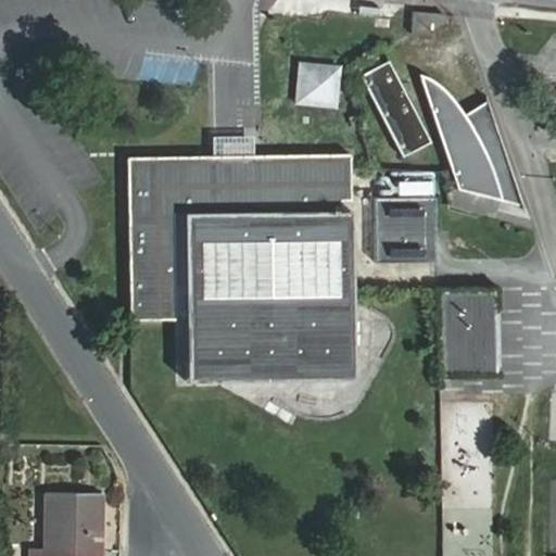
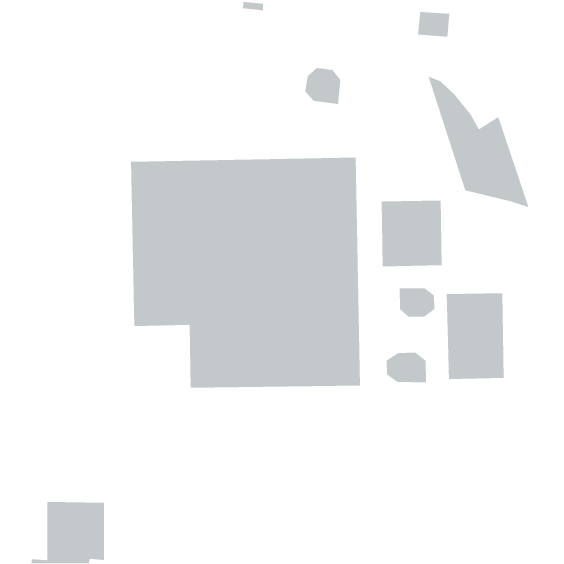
building: [361,61,430,155] -> none
building: none -> [399,287,435,317]
building: none -> [386,352,427,383]

